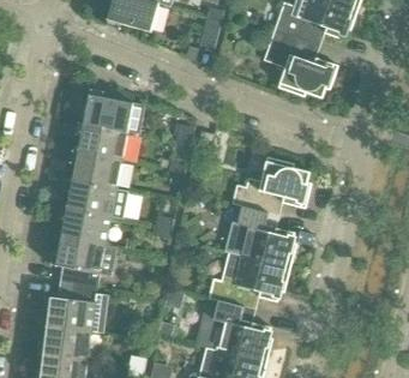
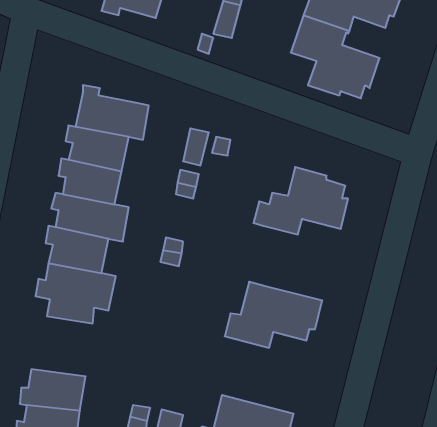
building: [225,205,295,268] -> none
building: [42,281,108,332] -> none
building: [194,300,272,362] -> none

